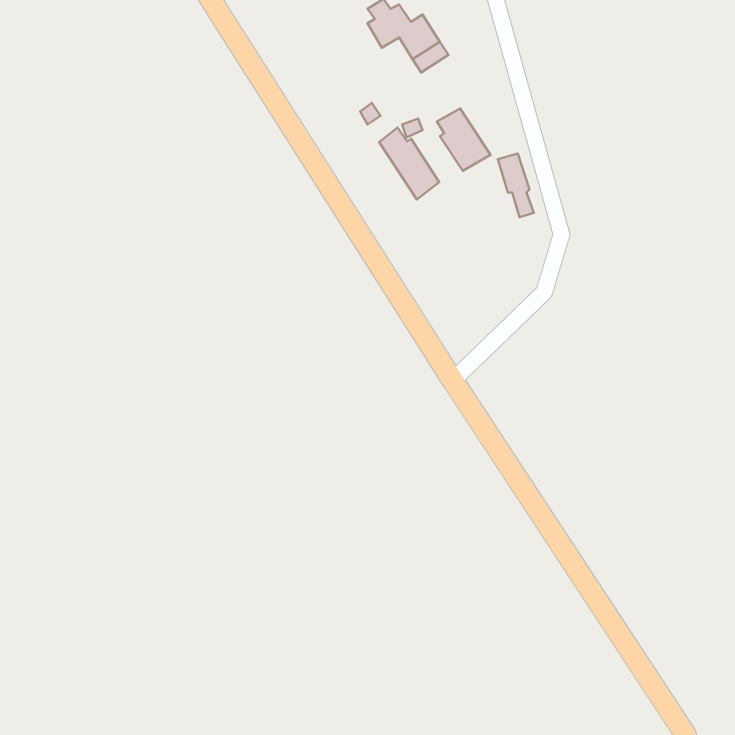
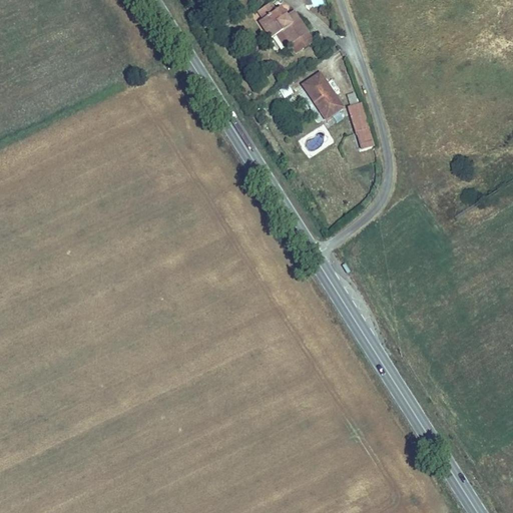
building: [379,127,439,200] -> none

